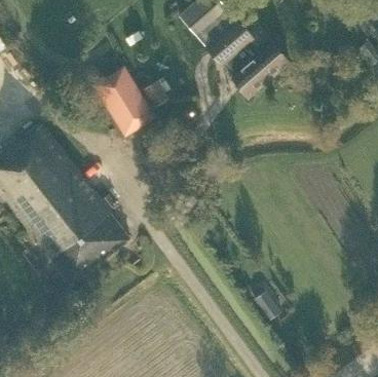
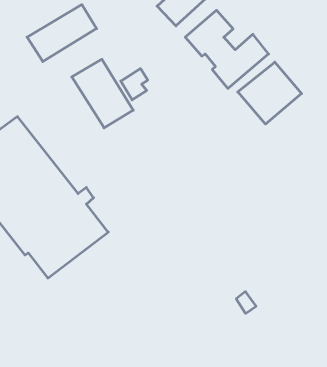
building: none -> [27,5,97,62]
building: none -> [238,62,302,124]

